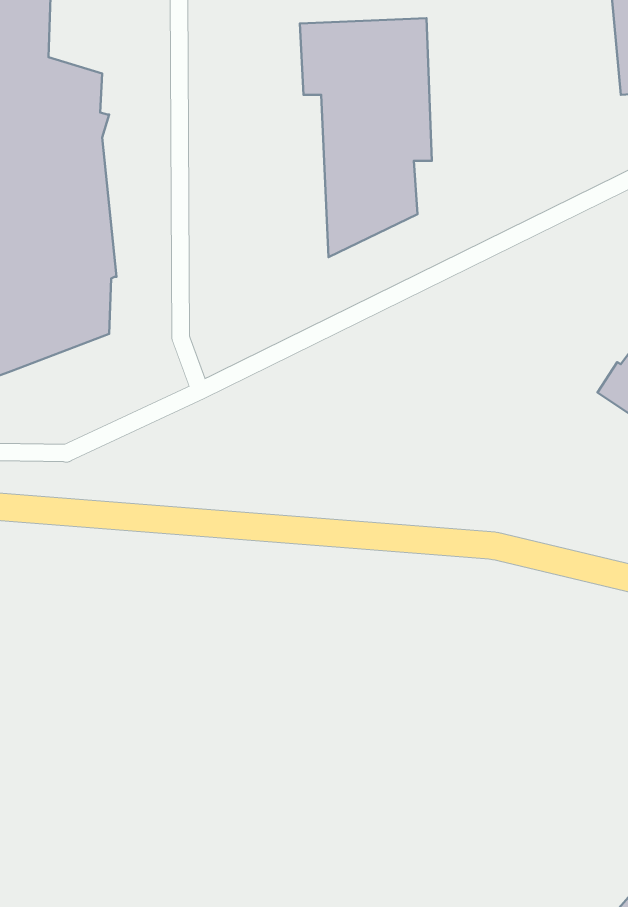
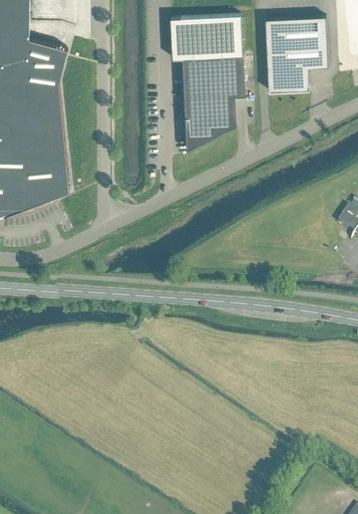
building: none -> [265,12,329,86]

